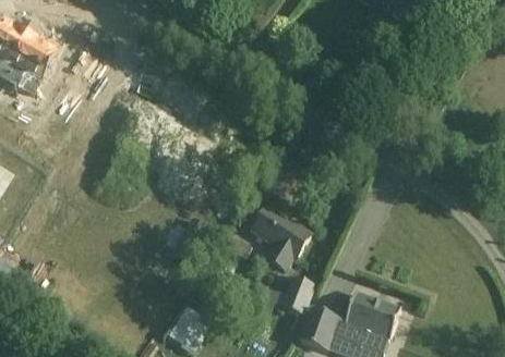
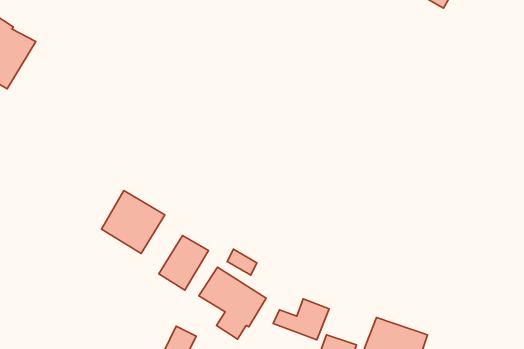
building: none -> [102,191,165,254]
building: [252,207,311,270] -> [199,267,266,339]

